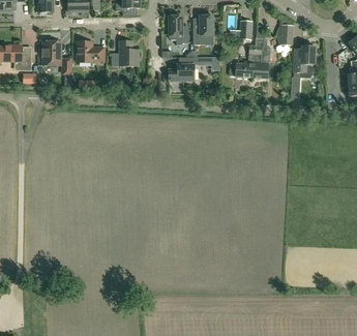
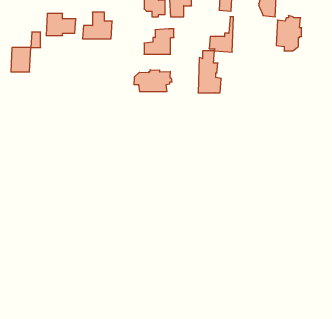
building: [251,38,273,78] -> [198,51,221,93]
building: [42,41,61,64] -> [11,48,31,72]
building: none -> [134,70,172,92]

